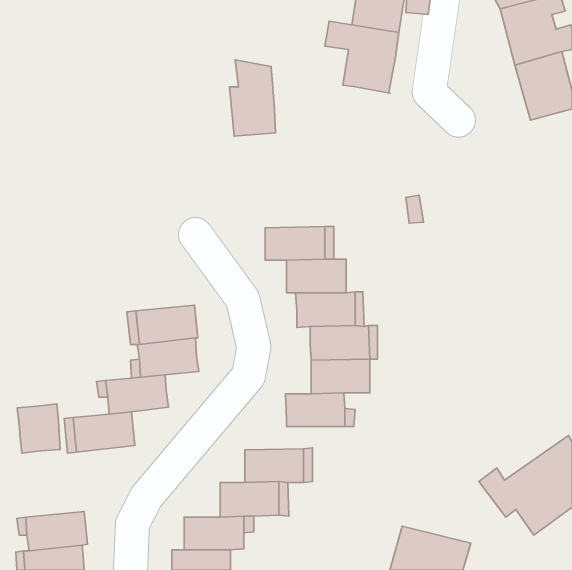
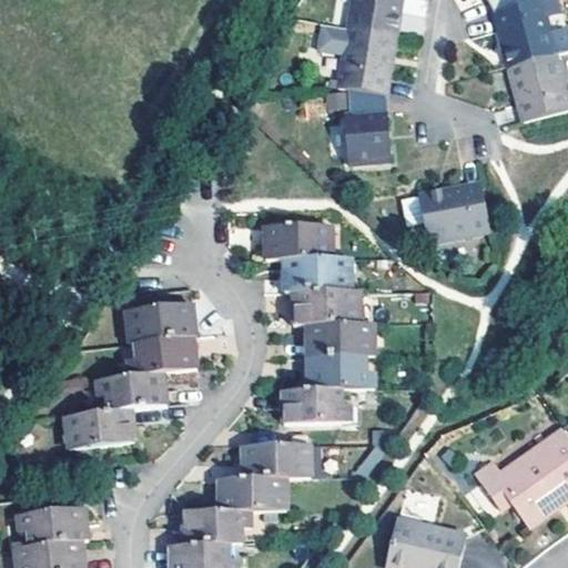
building: [230,60,276,136] -> [344,85,389,161]
building: none -> [418,180,489,240]
building: [17,404,60,453] -> none

